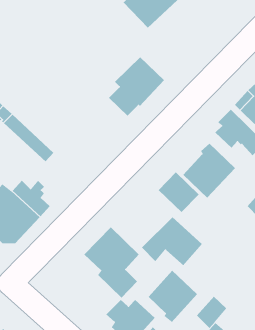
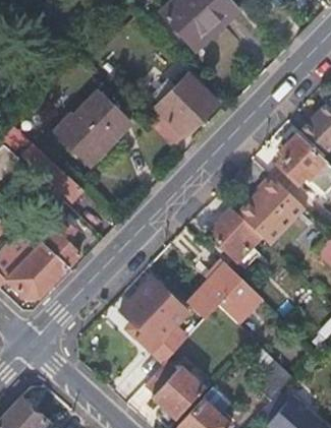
building: none -> [57,88,134,152]
building: [148,270,198,323] -> none

